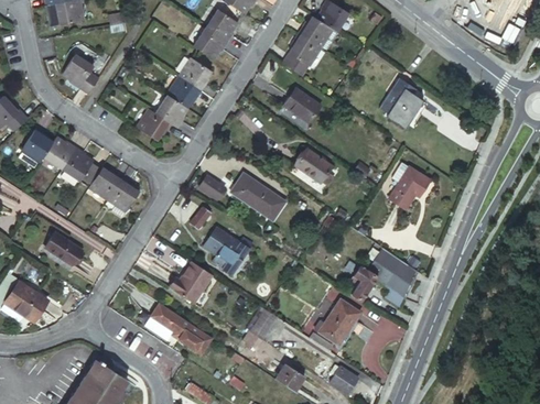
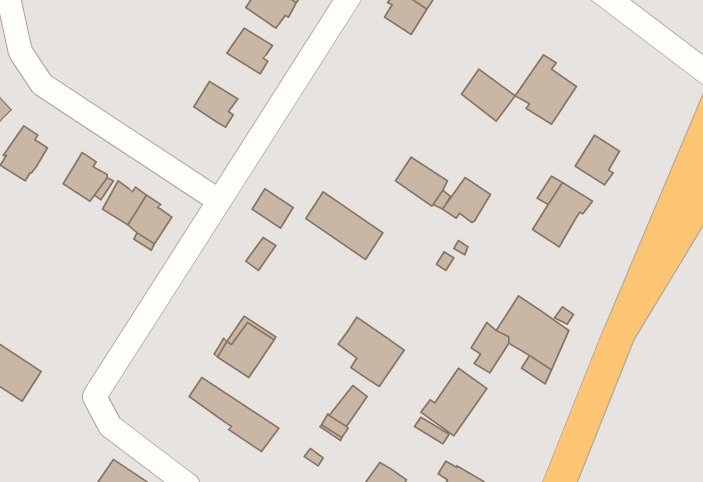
building: [62,53,99,97] -> none
building: [165,77,201,109] -> none
building: [284,87,322,123] -> [462,69,515,121]
building: [138,111,171,142] -> none
building: none -> [575,135,619,185]
building: [44,138,76,168] -> none
building: none -> [443,178,491,223]
building: [204,226,250,274] -> [338,317,404,387]
building: [45,234,80,265] -> none

